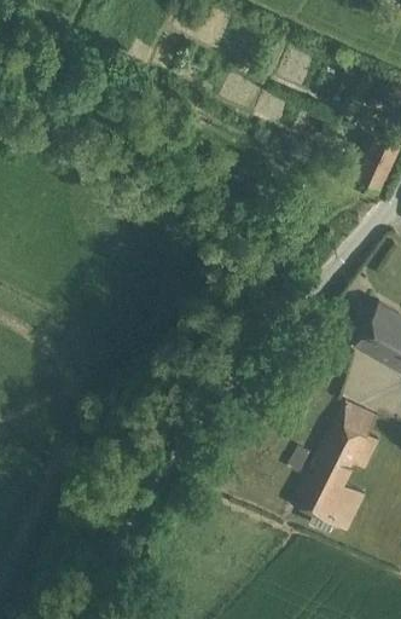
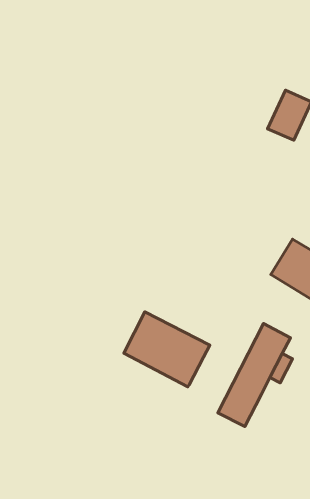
building: none -> [124,312,210,387]
building: [322,482,364,531] -> none

